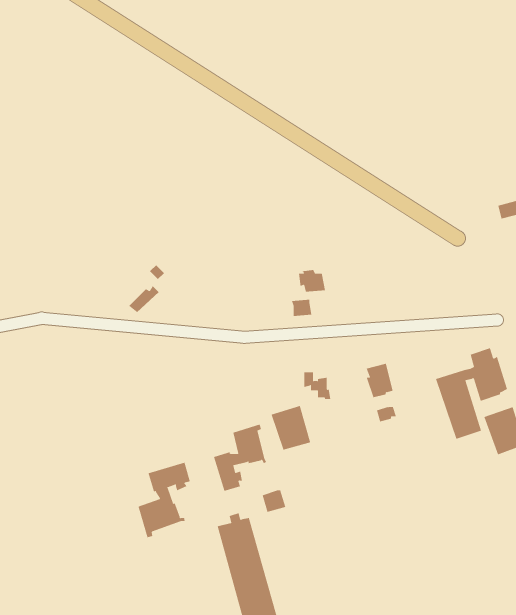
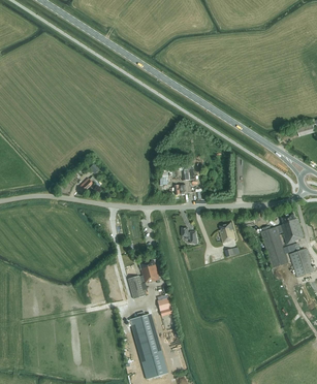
building: [271,405,311,451] -> none
building: [138,462,191,538] -> none

